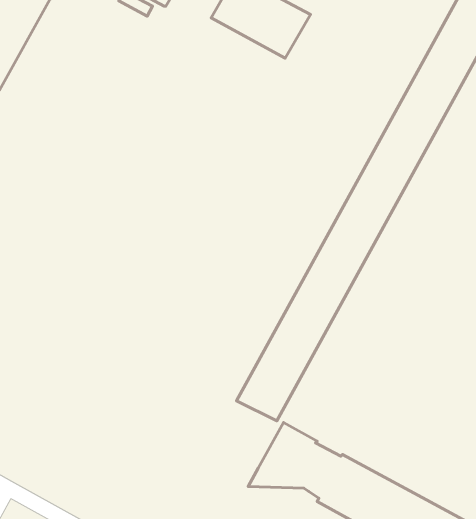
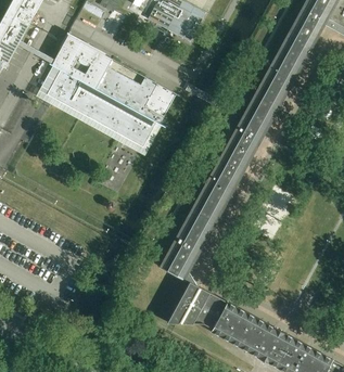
building: none -> [48,34,176,147]

